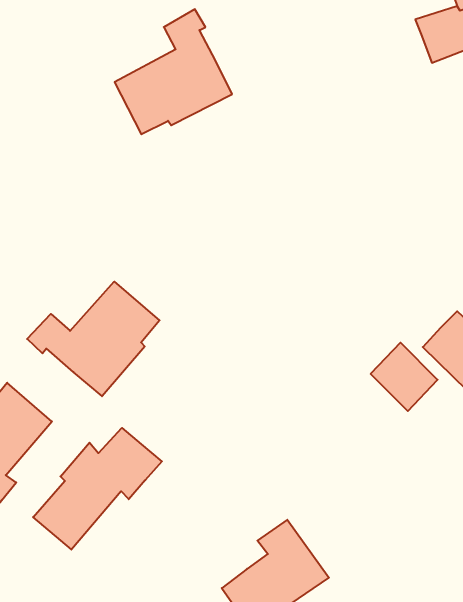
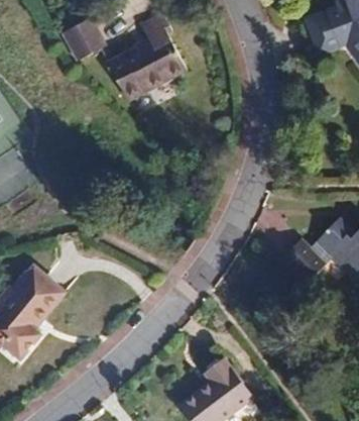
building: none -> [64,18,105,61]
building: [27,282,160,396] -> none
building: [33,428,162,550] -> none

